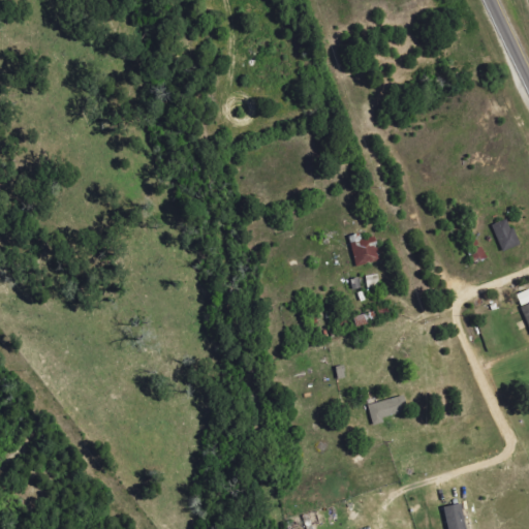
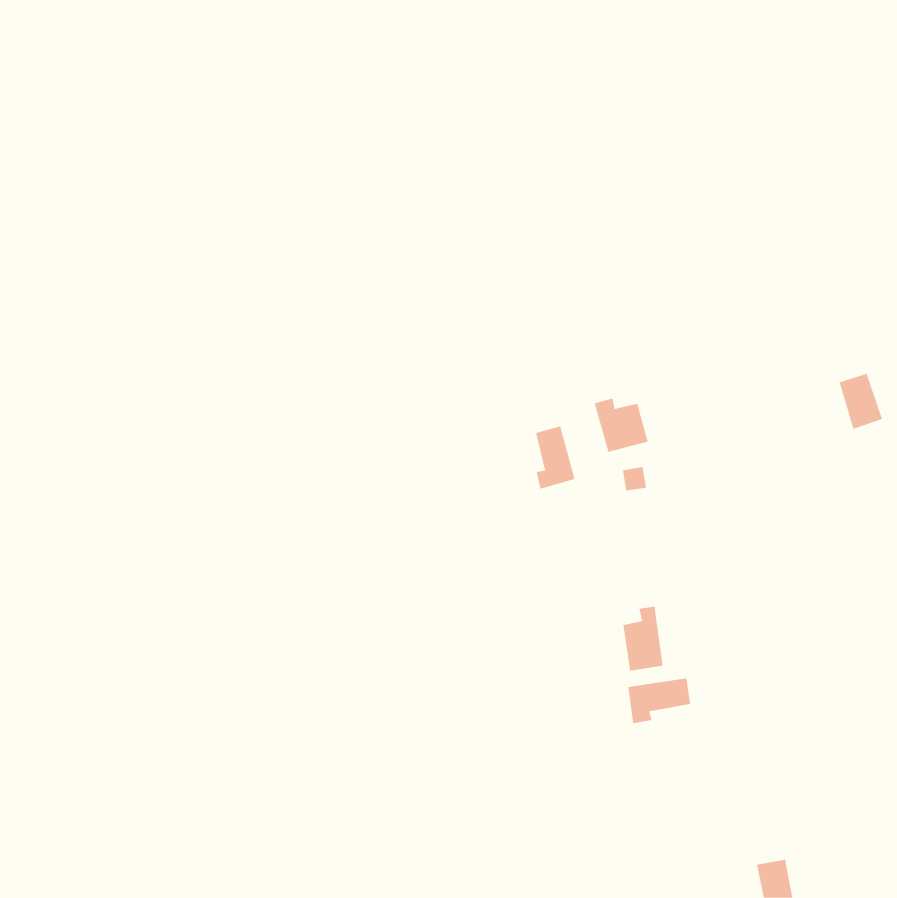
building: none -> [536,425,575,489]
building: none -> [623,606,663,671]

